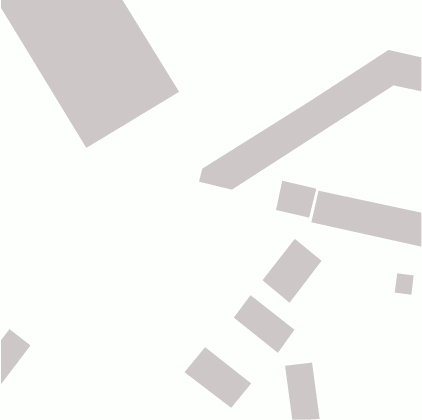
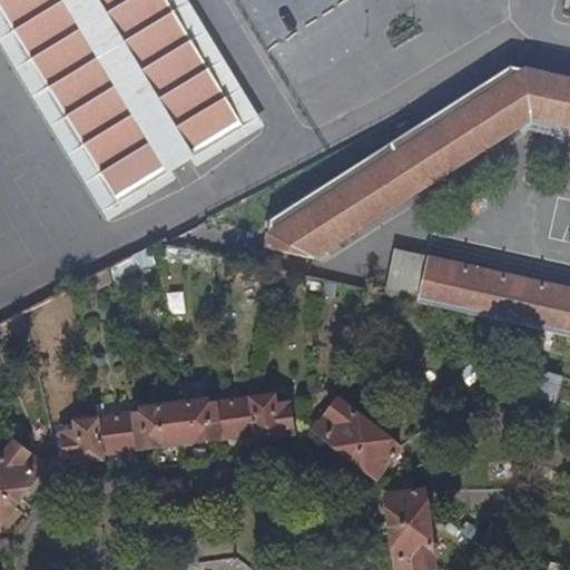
building: [261,238,323,304] -> none
building: none -> [61,393,291,460]
building: [183,346,252,409] -> none

